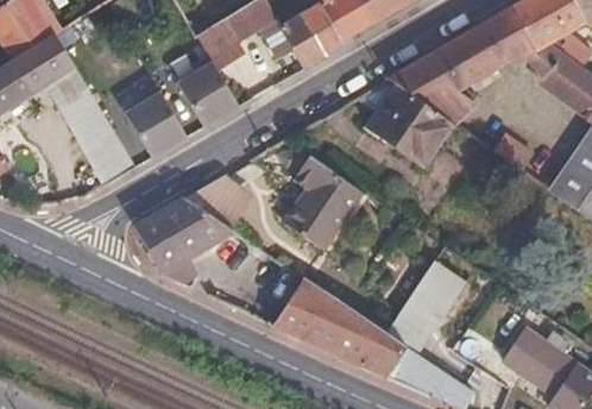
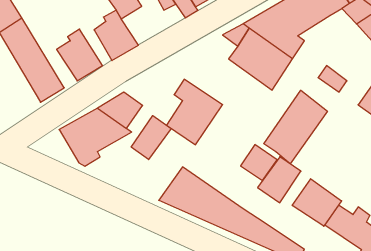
building: none -> [264,90,327,164]
building: none -> [131,116,171,160]
building: none -> [292,179,342,226]
building: [388,304,439,354] -> [241,145,277,180]

